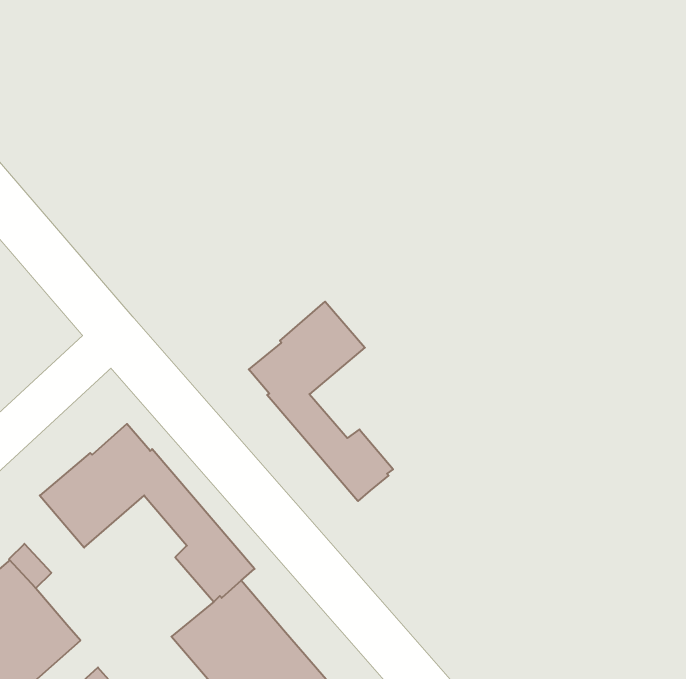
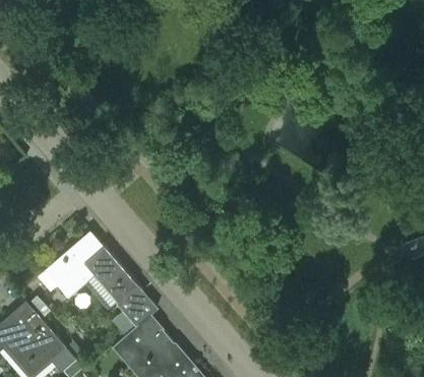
building: [249,302,393,501] -> none

